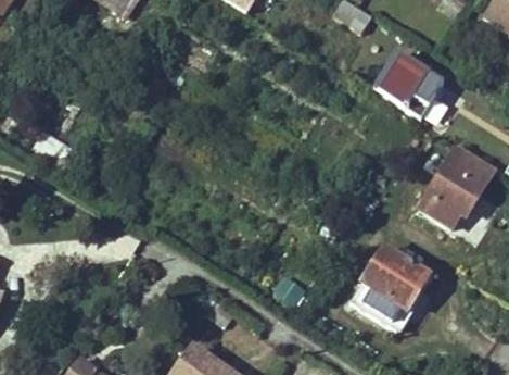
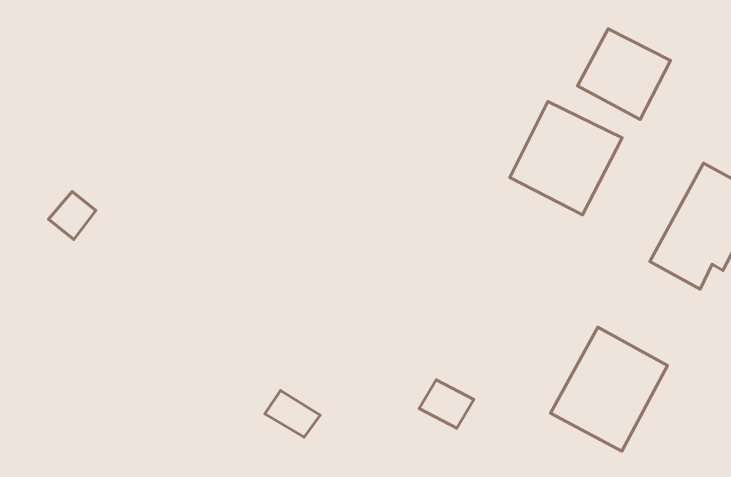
building: none -> [510,101,622,215]

